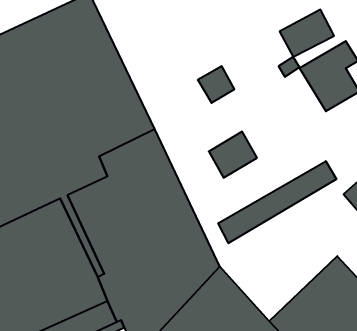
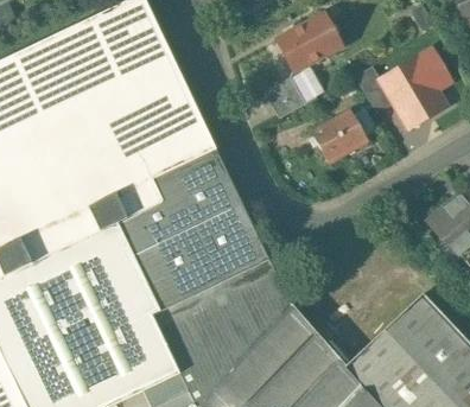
building: [280,10,334,57] -> [279,17,341,70]
building: [209,132,257,178] -> [313,112,368,164]
building: [218,161,336,243] -> none

